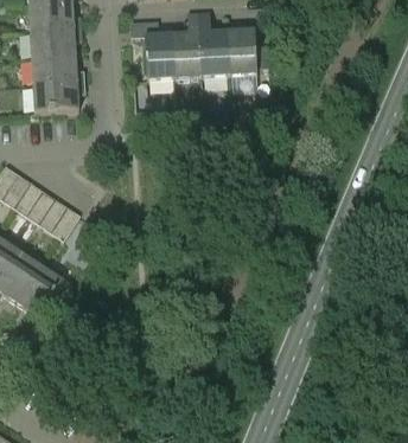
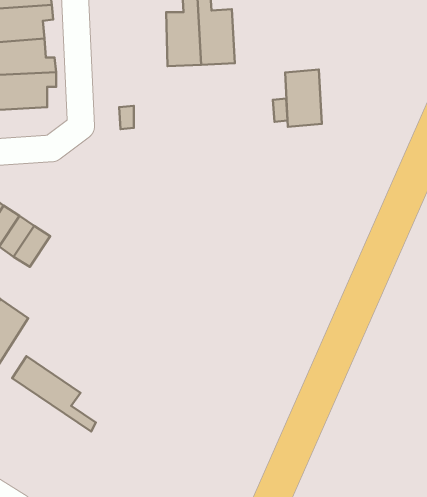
building: [227,27,256,73] -> [285,70,322,127]
building: [144,32,174,78] -> none
building: none -> [12,356,96,432]

